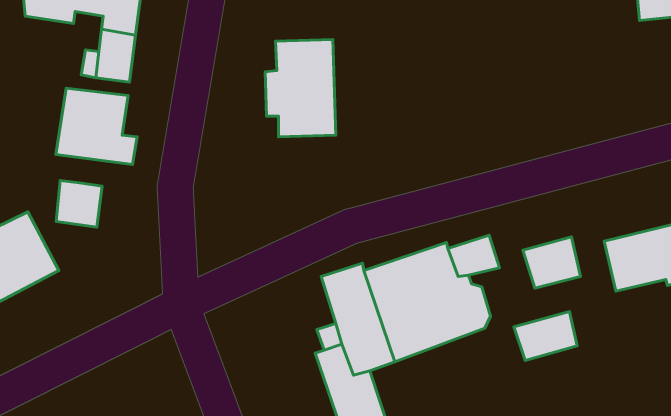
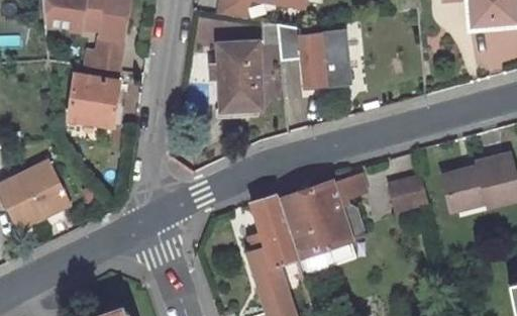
building: none -> [278,23,354,86]
building: [56,180,102,227] -> none
building: [514,312,577,360] -> none

